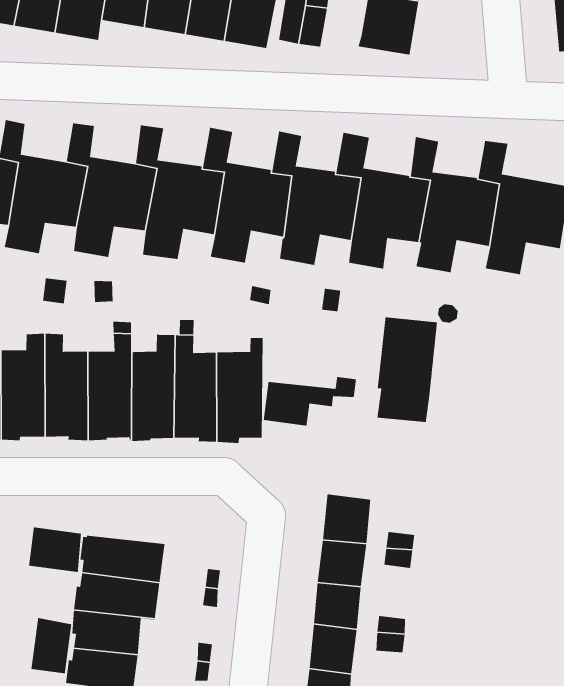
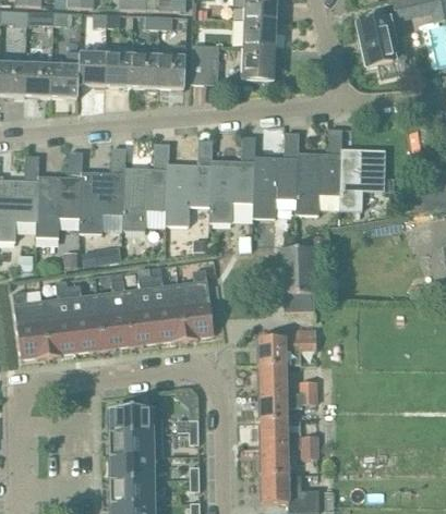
building: [263,376,357,426] -> [257,329,313,363]
building: [28,527,82,573] -> none
building: [31,617,72,674] -> none

